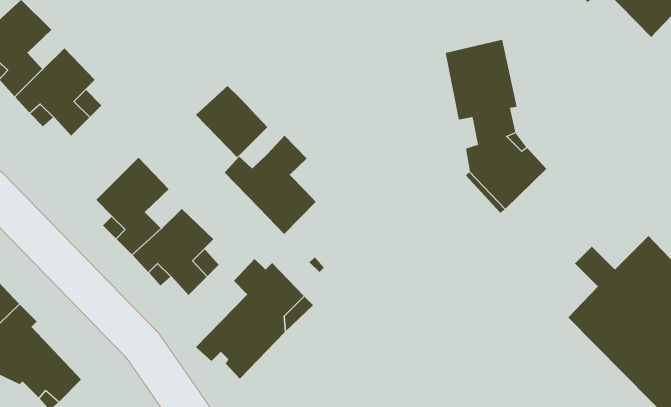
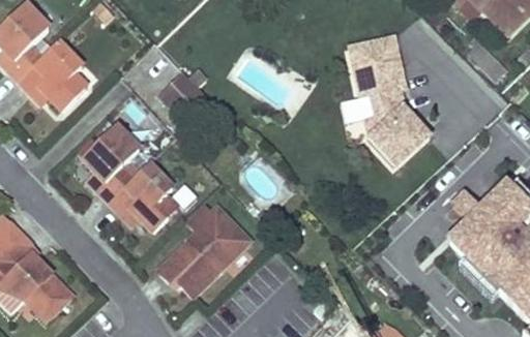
building: [224,135,317,235] -> none

